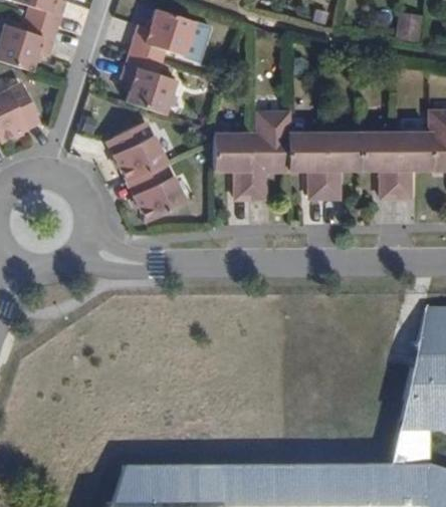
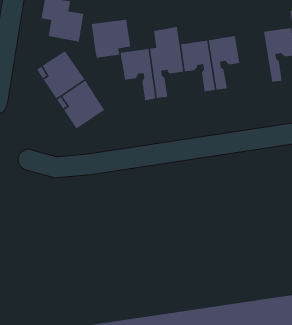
building: none -> [91,19,131,59]
building: [360,133,396,198] -> none

